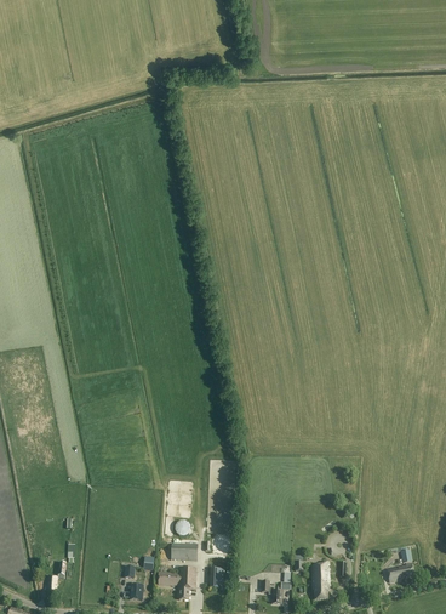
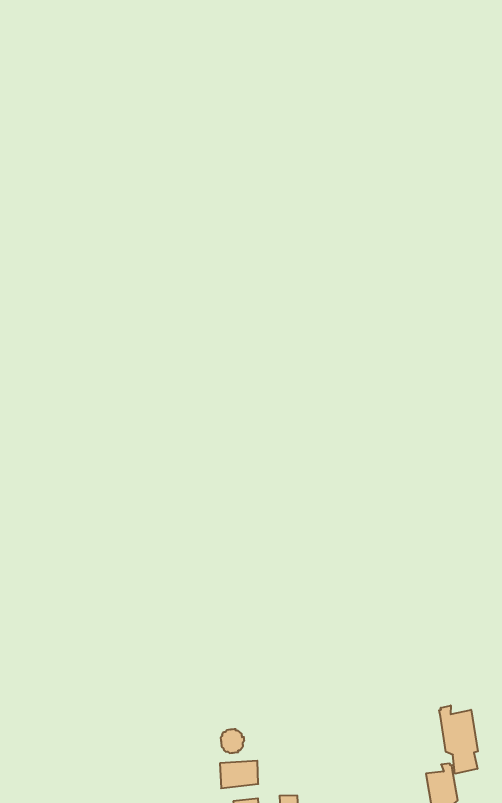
building: none -> [439,705,478,774]

